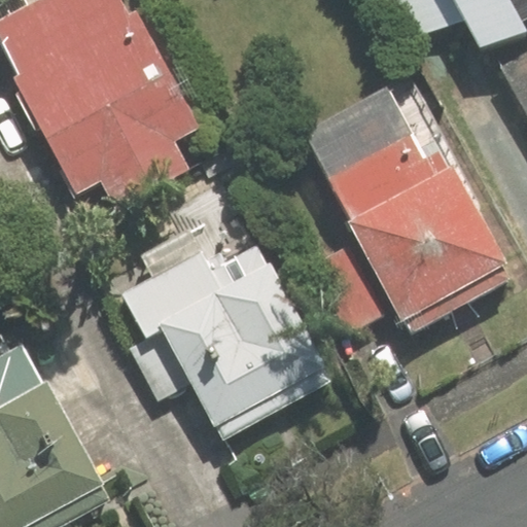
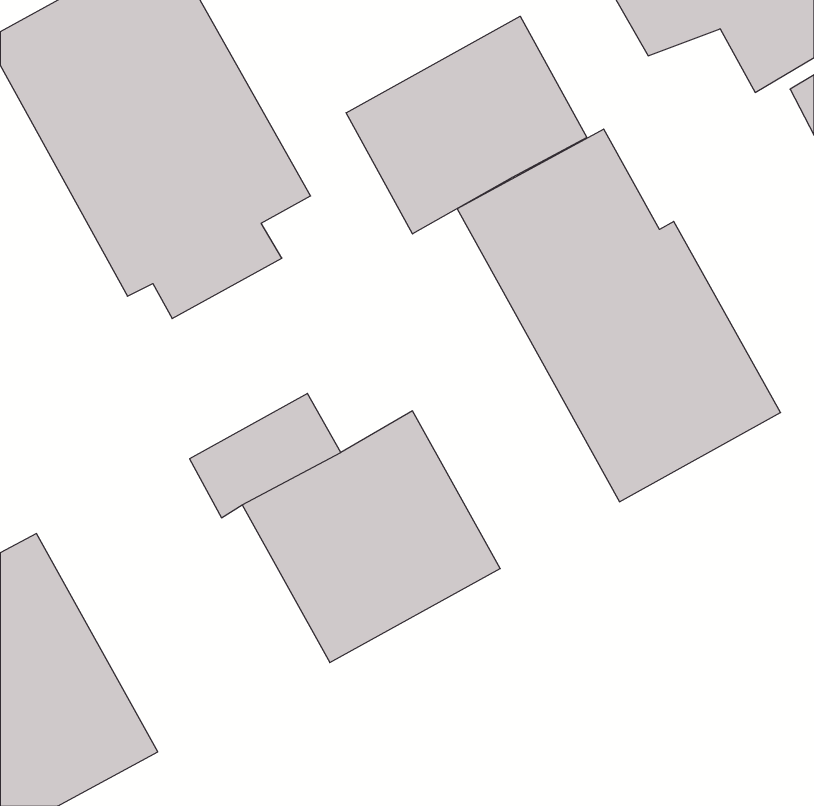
building: none -> [346,16,587,234]

